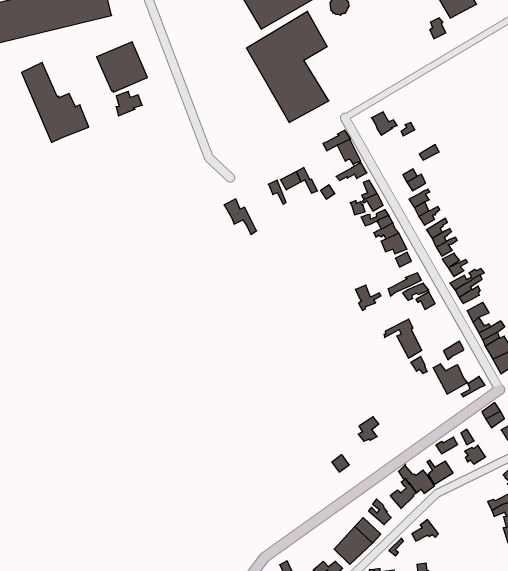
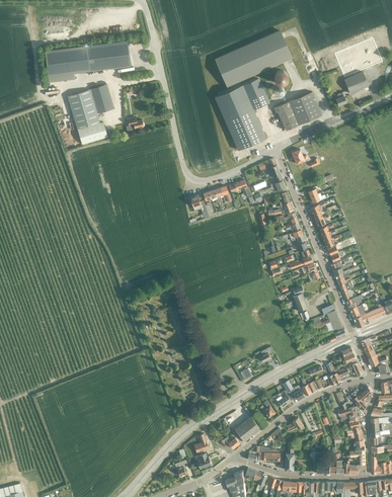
building: none -> [276,92,321,132]
building: [97,42,147,92] -> [82,85,113,116]

